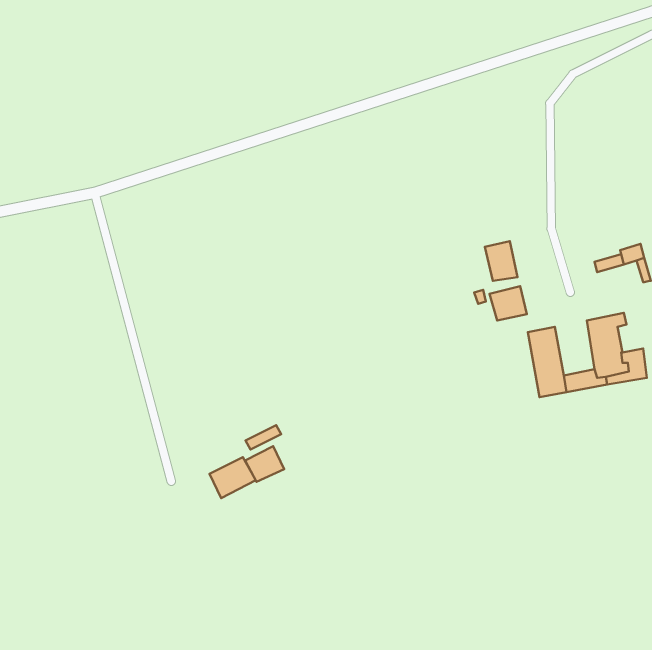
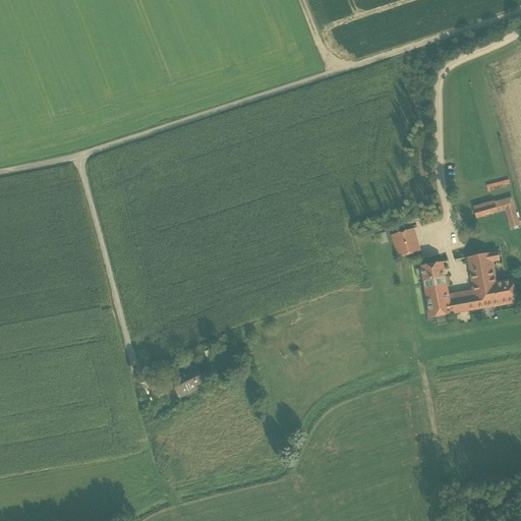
building: [485,241,518,281] -> none
building: [245,446,284,482] -> none

